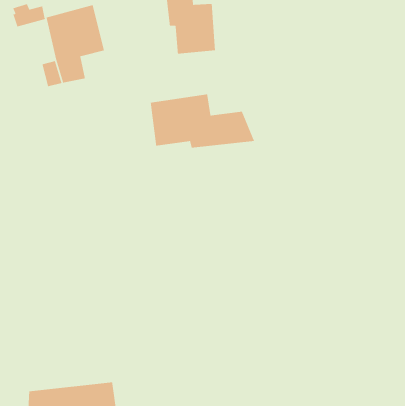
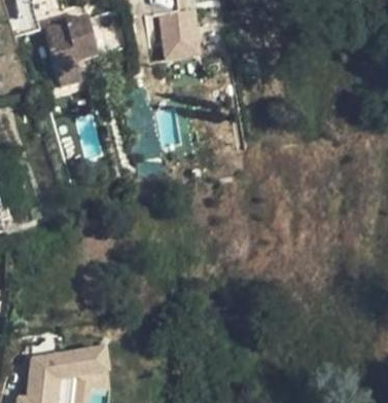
building: [150,94,255,148] -> none

